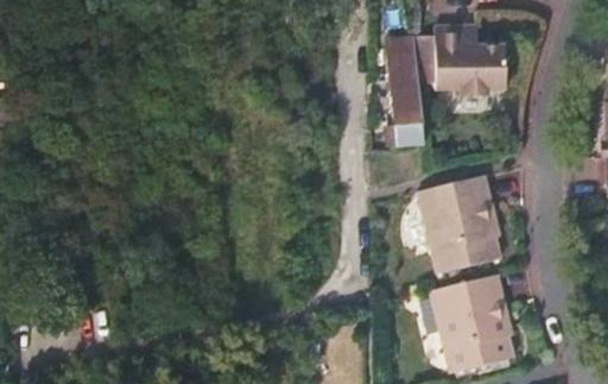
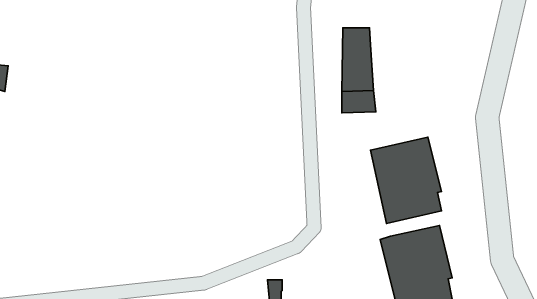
building: [436,27,506,97] -> none

